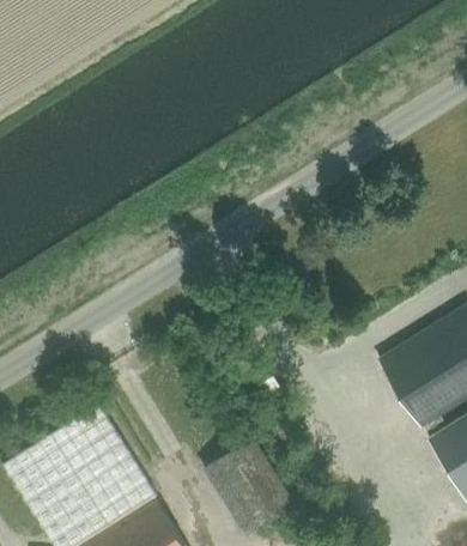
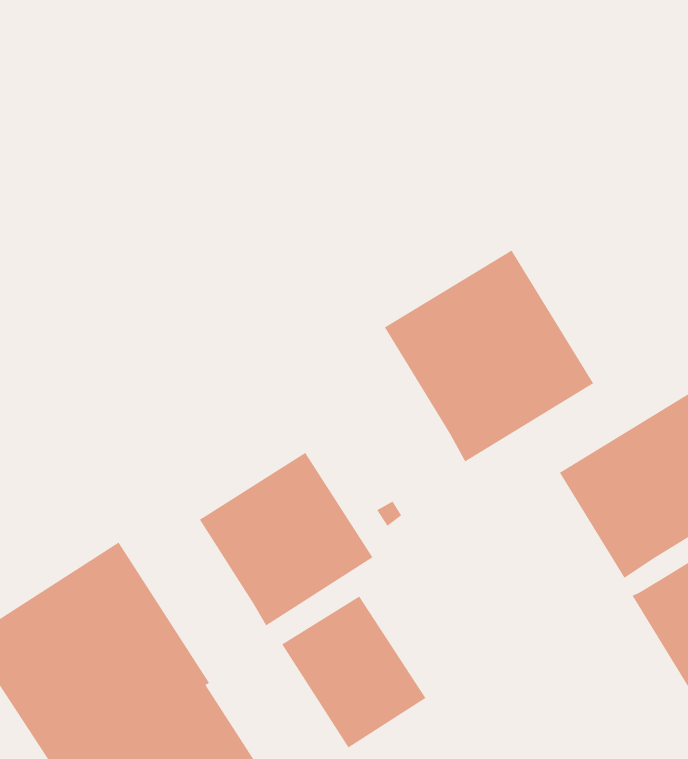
building: none -> [384,250,594,463]
building: none -> [199,452,374,627]

